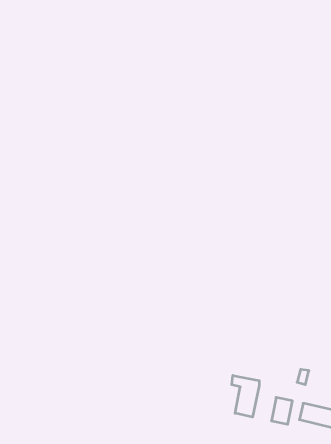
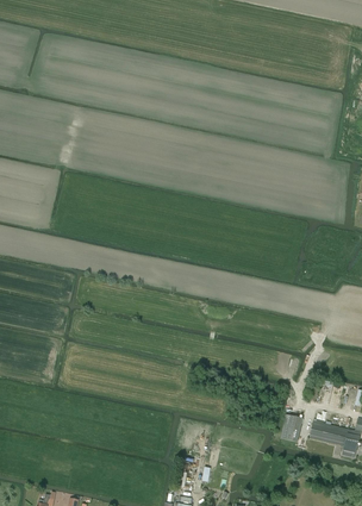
building: [232,375,259,417] -> none

